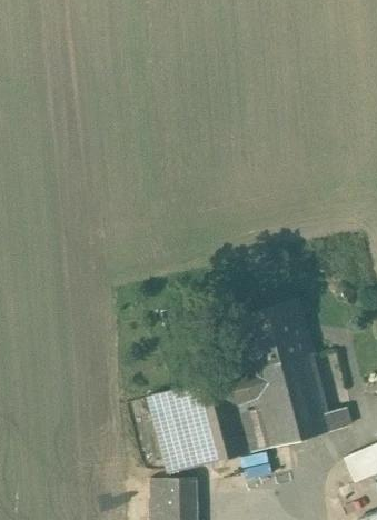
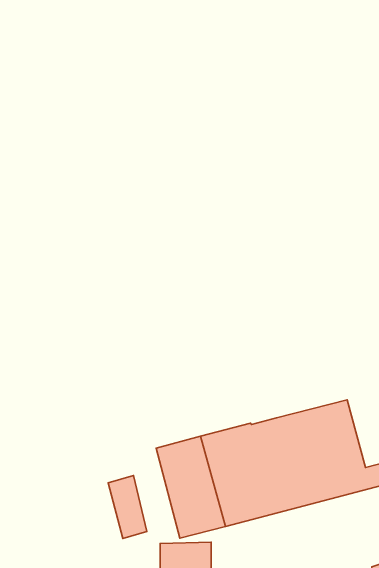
building: [237,301,311,371] -> none
building: none -> [108,476,147,539]

